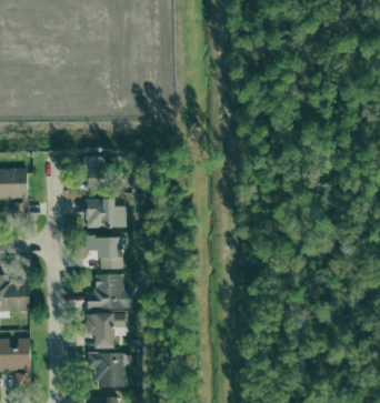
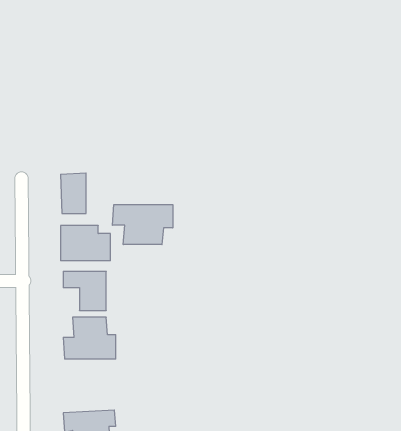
building: none -> [112,205,173,245]
building: [86,312,126,349] -> none

